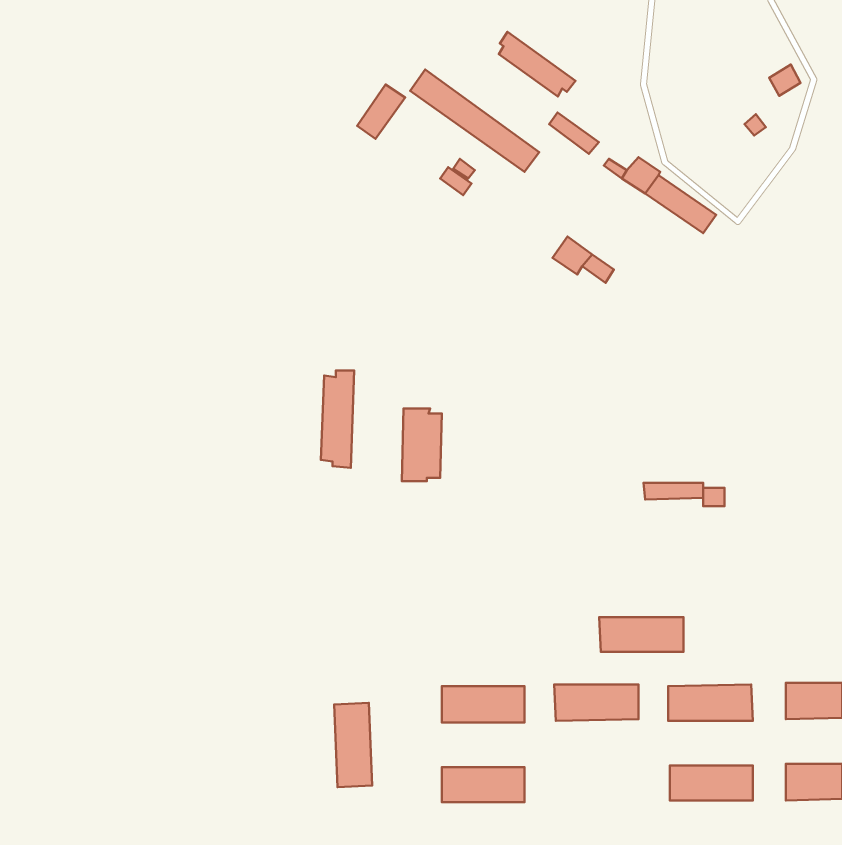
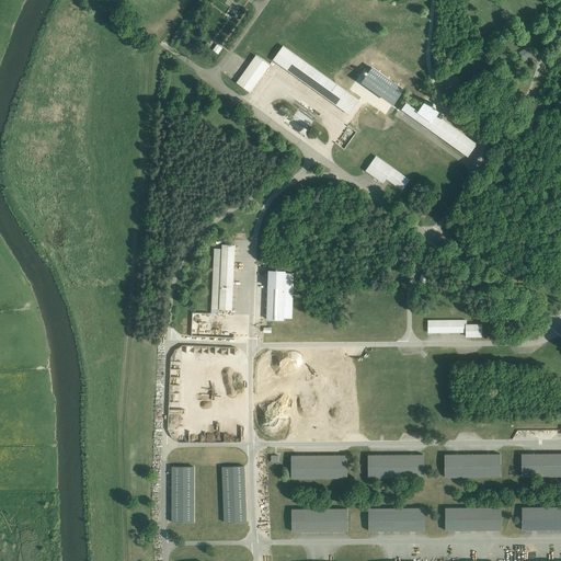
building: [499,32,575,96] -> none
building: [599,617,684,652] -> [368,508,424,531]
building: none -> [171,466,194,520]

